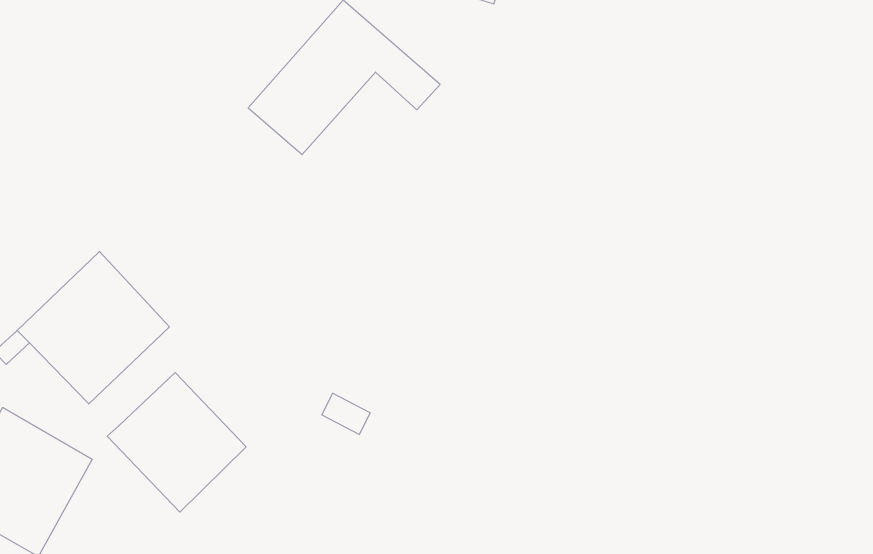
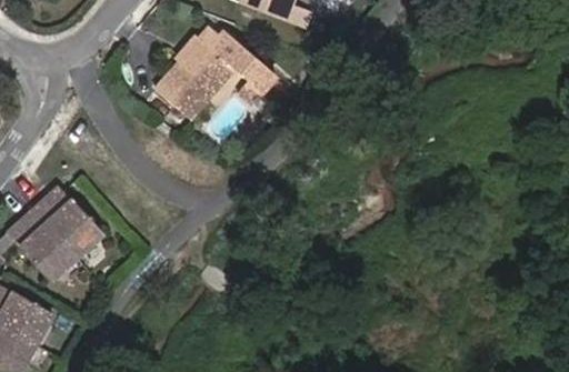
building: [107,373,246,512] -> none

